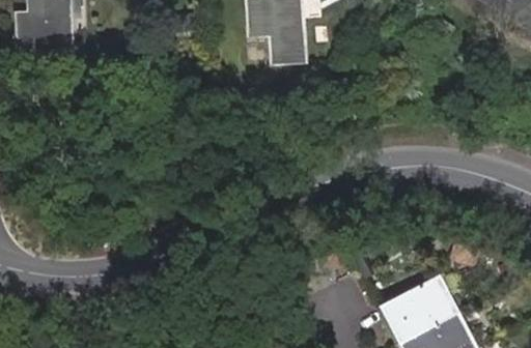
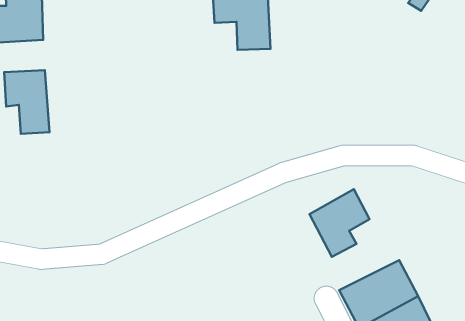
building: none -> [4,70,49,134]
building: none -> [310,189,370,257]

